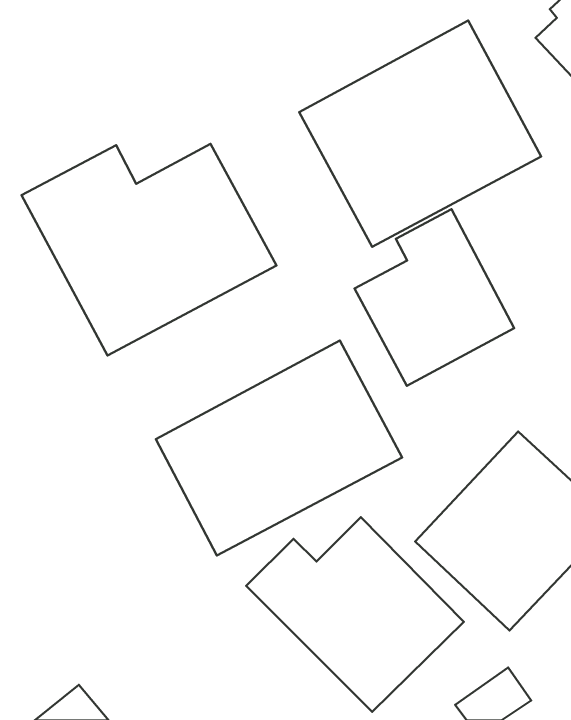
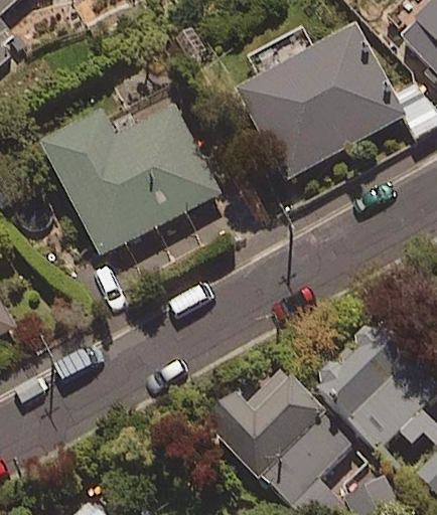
building: [354,209,514,386] -> none
building: [156,341,402,555] -> none

